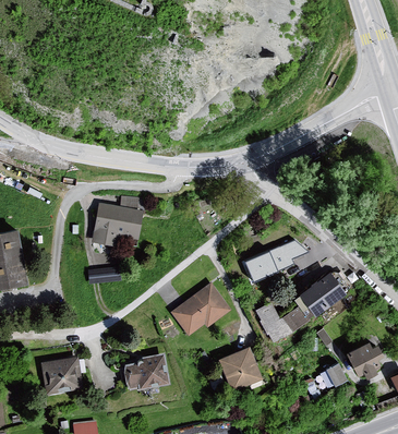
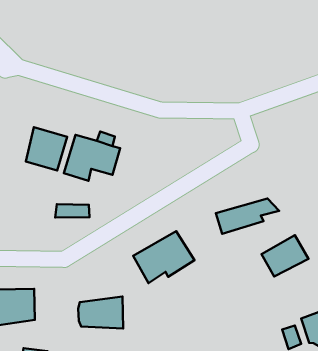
building: none -> [26,127,67,170]
building: [255,304,307,345] -> none
building: [218,349,262,395] -> none

